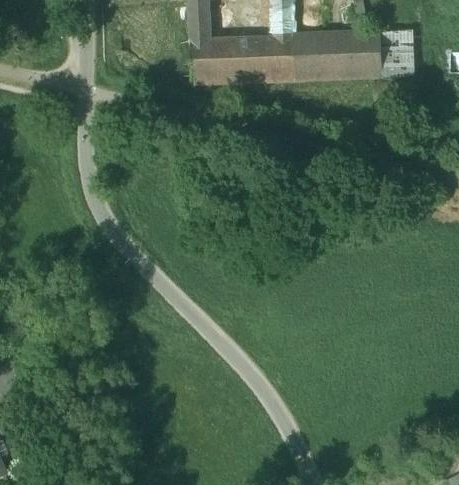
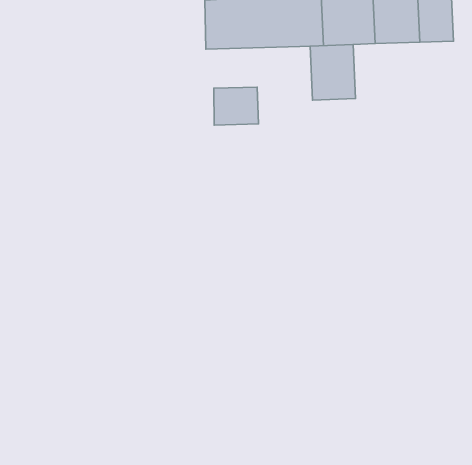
building: none -> [310,44,356,100]
building: none -> [214,87,259,125]

